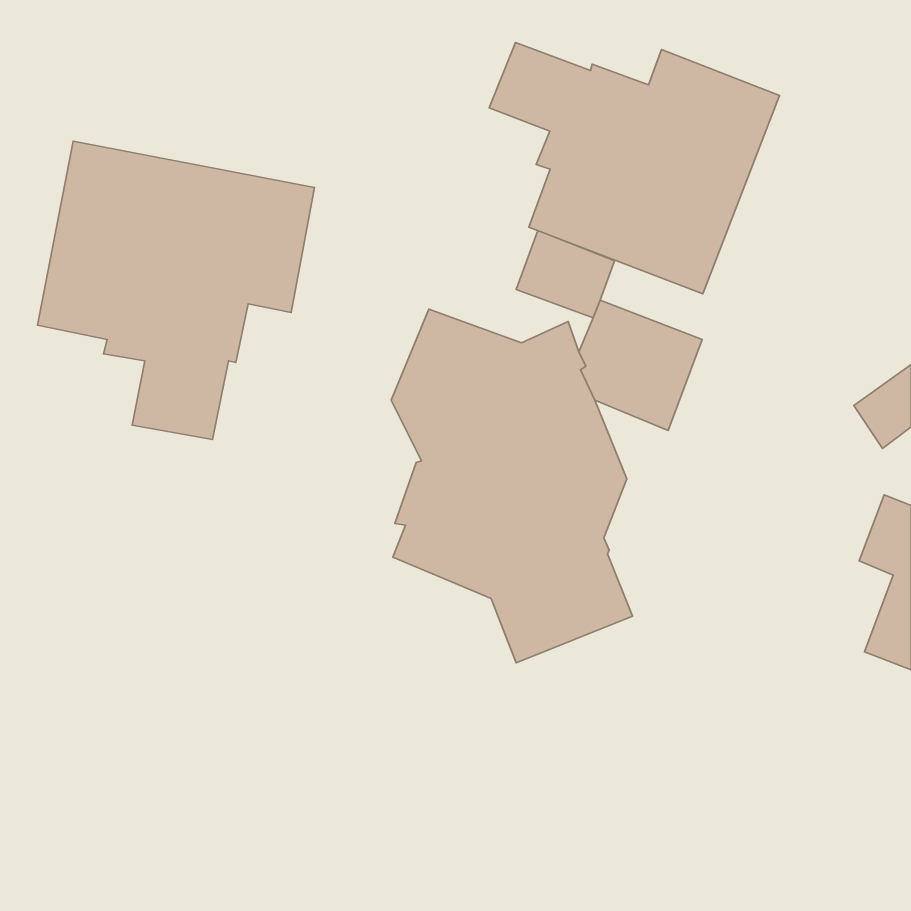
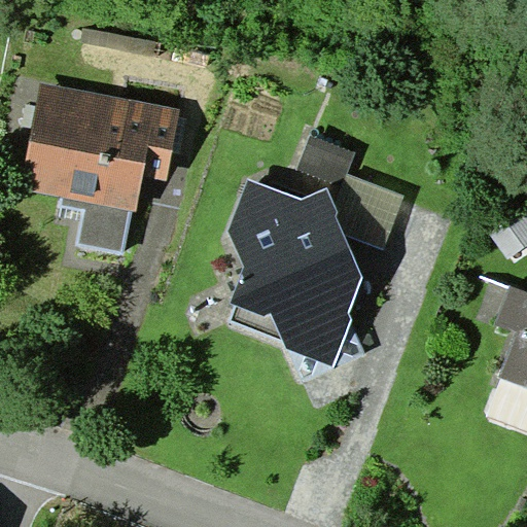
building: [489,42,780,294] -> none

